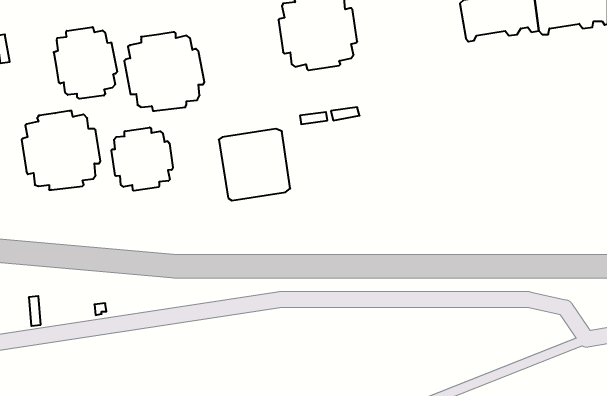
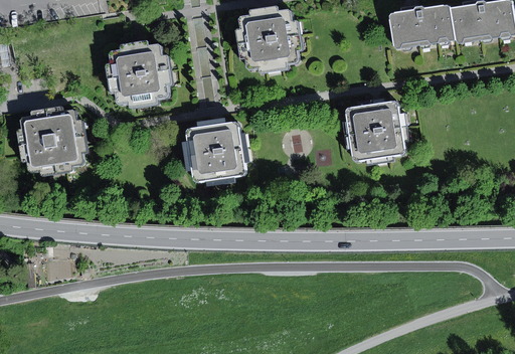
building: [54,27,117,99] -> none
building: none -> [345,100,405,160]
building: [112,127,173,191] -> none

